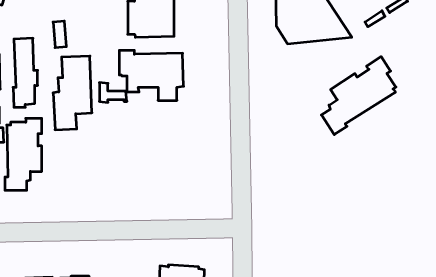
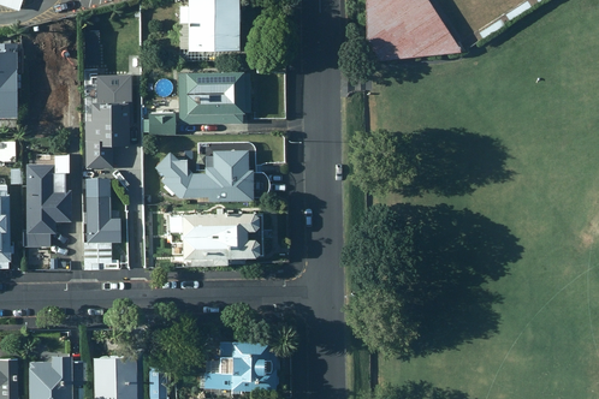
building: [13,38,38,107] -> [83,180,114,268]
building: [321,57,396,135] -> none
building: none -> [154,143,269,202]
building: none -> [170,208,259,267]

